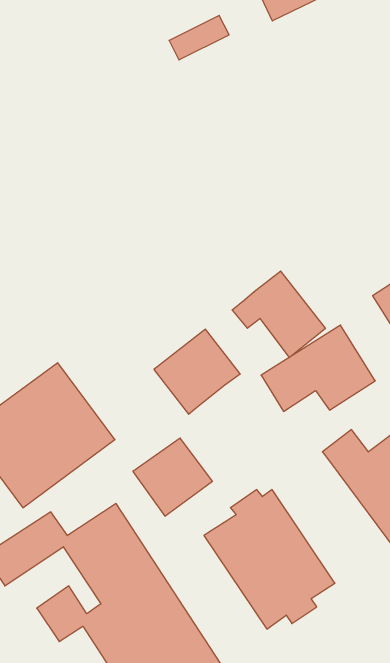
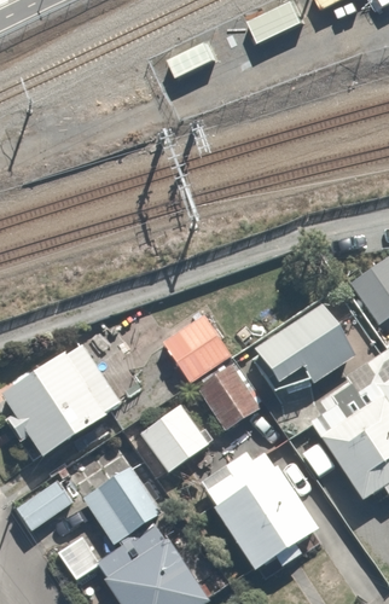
building: [232,271,325,358] -> [179,359,260,434]

